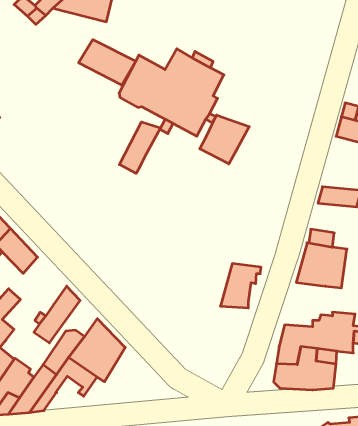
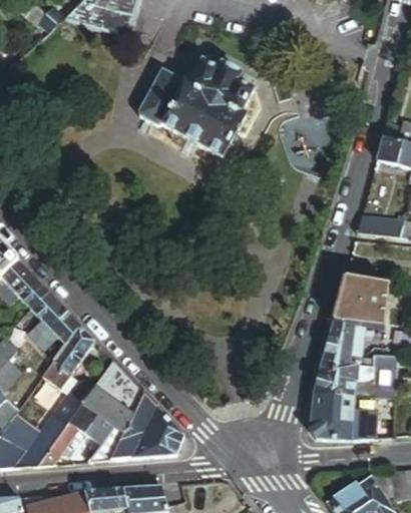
building: [79,40,136,85] -> none
building: [200,115,249,164] -> none
building: [119,122,160,173] -> none
building: none -> [29,294,78,350]
building: [220,264,261,308] -> [320,322,365,371]
building: none -> [88,394,183,462]

